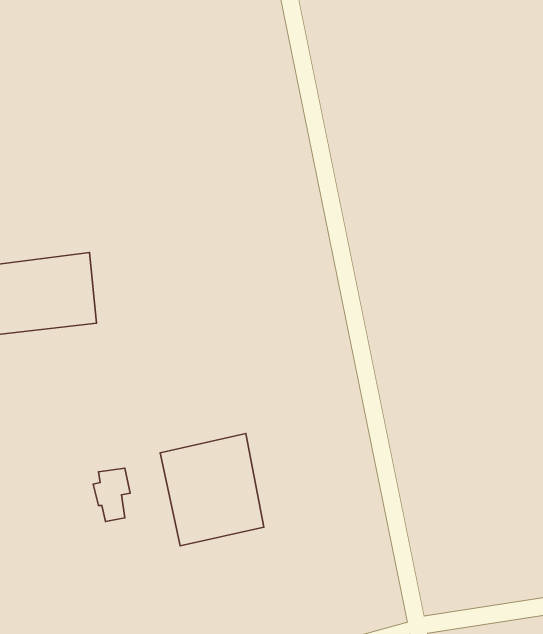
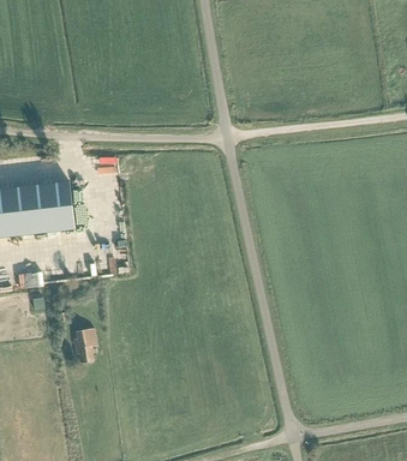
building: [160,434,264,546] -> none

